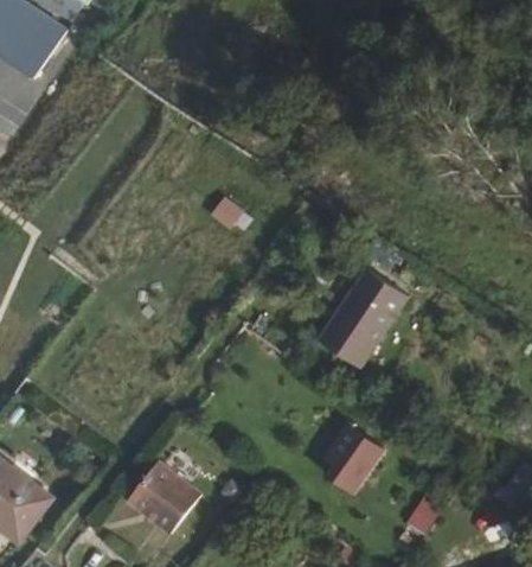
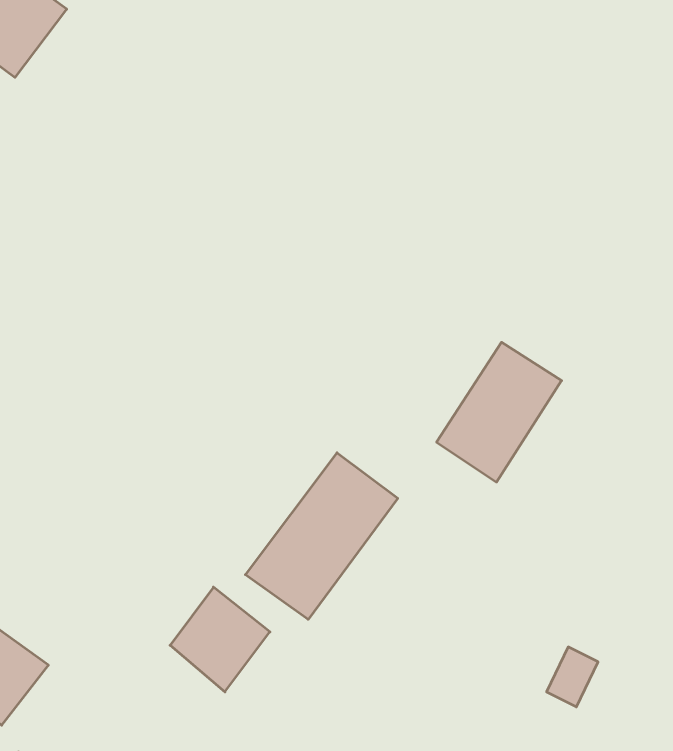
building: none -> [245,453,398,619]
building: [325,426,390,495] -> none

